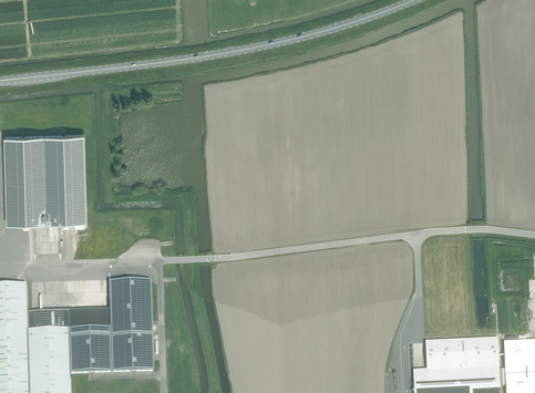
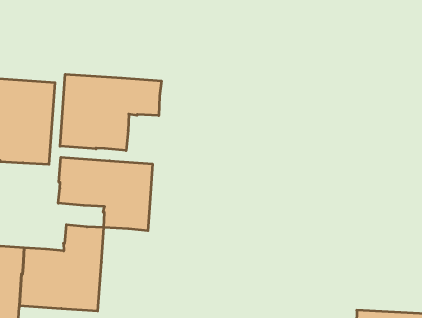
building: none -> [60,74,161,151]
building: none -> [58,157,152,231]

